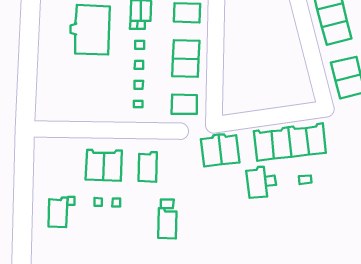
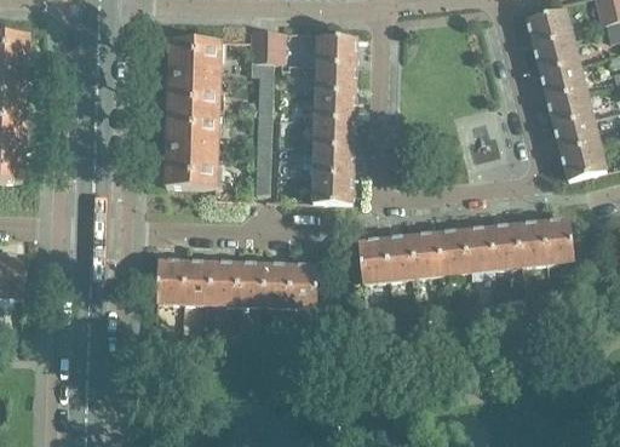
building: none -> [316,64,355,93]
building: none -> [547,90,592,126]
building: none -> [157,113,217,188]
building: none -> [314,147,352,176]
building: none -> [541,217,574,263]
building: none -> [236,259,264,305]
building: [246,167,267,198] -> [411,230,442,277]
building: [48,198,68,227] -> [156,258,185,303]
building: [158,208,177,239] -> [289,262,317,308]

